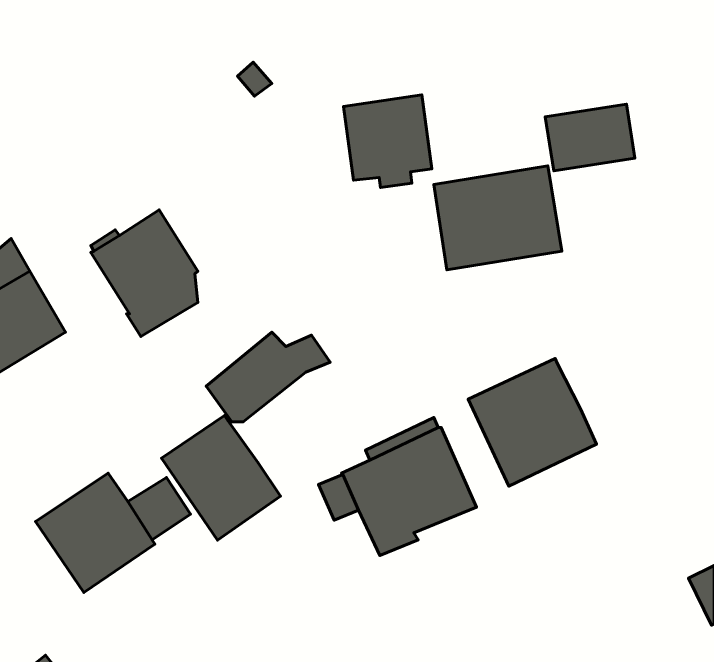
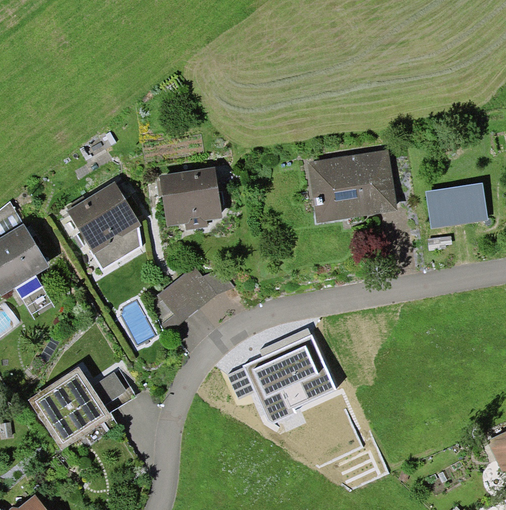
building: [344,95,432,187] -> [159,166,221,231]
building: [545,104,635,171] -> [425,182,488,229]
building: [468,359,597,486] -> none
building: [162,416,280,540] -> none

